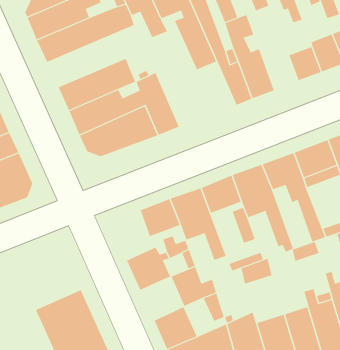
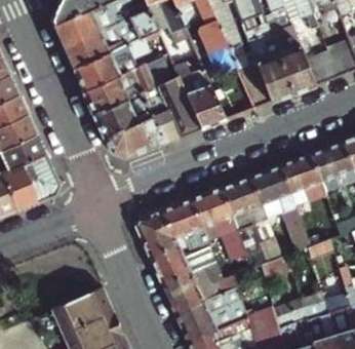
building: none -> [277,25,314,94]
building: none -> [73,32,160,91]
building: none -> [173,56,226,129]
building: none -> [136,209,178,258]
building: none -> [162,273,204,315]

